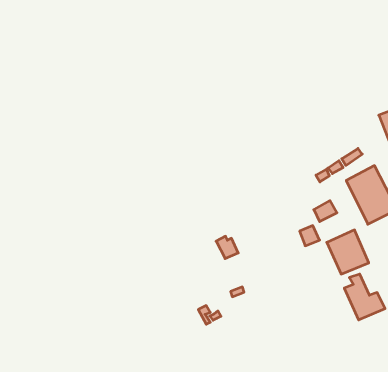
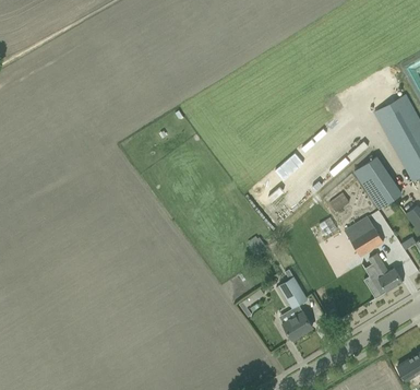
building: none -> [279,270,313,340]

